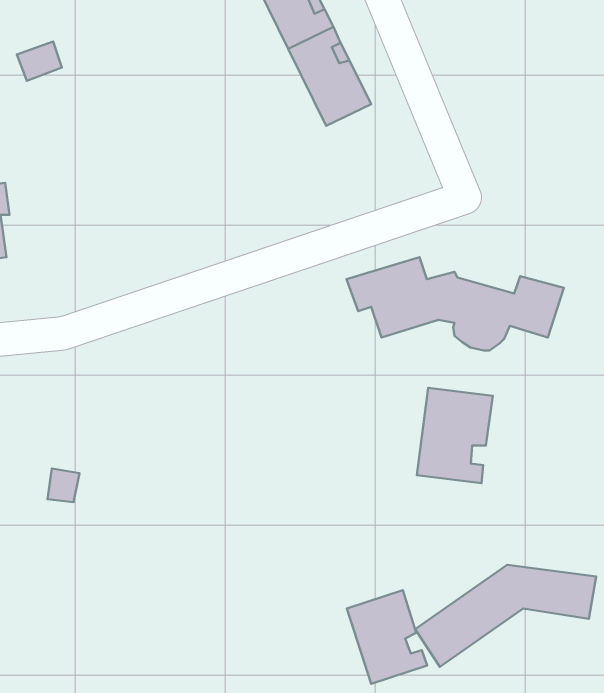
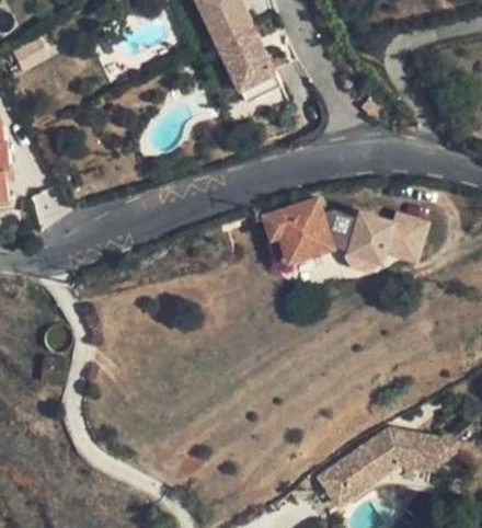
building: [417,388,493,483] -> none
building: [347,590,427,684] -> none

